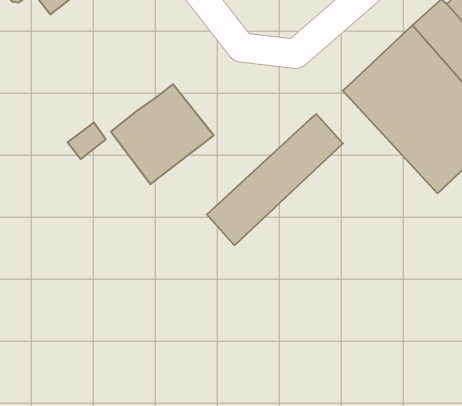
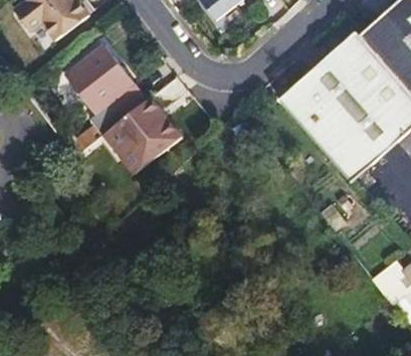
building: none -> [62,42,144,134]
building: [207,114,343,245] -> none

